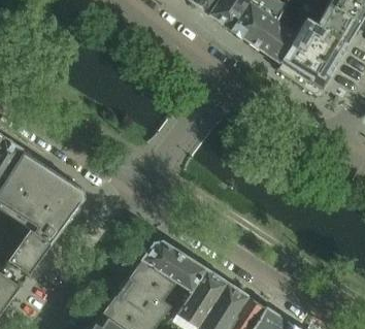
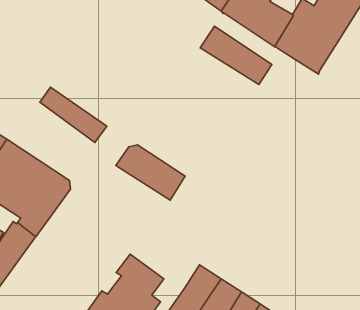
building: none -> [200,26,272,84]
building: none -> [40,87,107,142]
building: [142,240,208,293] -> [116,145,185,200]

